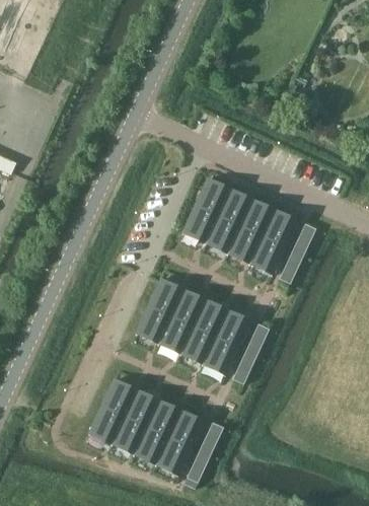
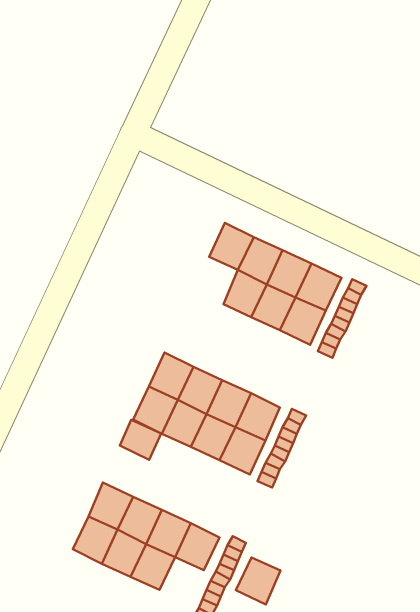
building: [181,206,216,242] -> none
building: none -> [120,420,161,460]
building: [155,438,190,475] -> [236,557,280,605]

